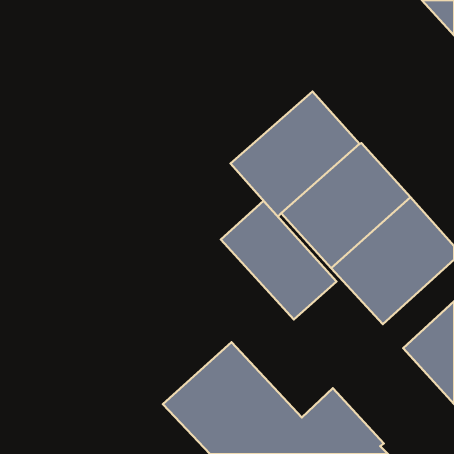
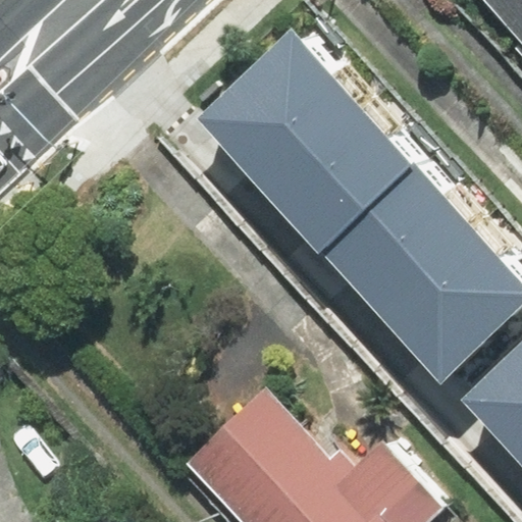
building: none -> [205,39,358,188]
building: [221,201,336,319] -> none

